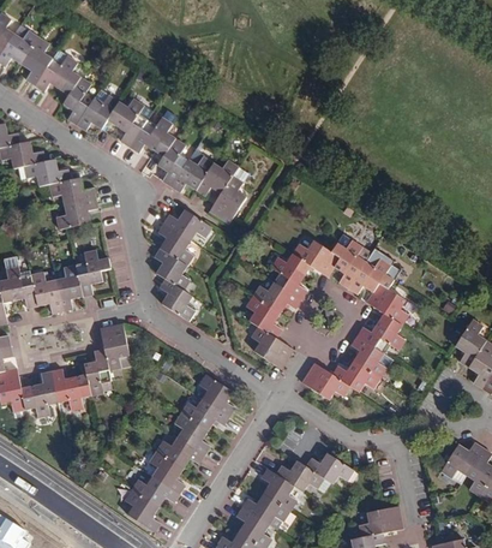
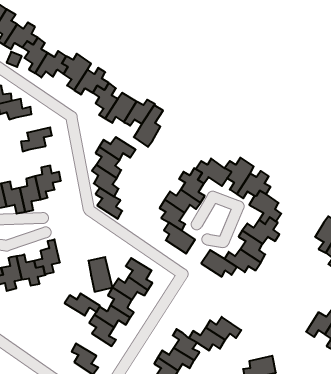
building: [49,175,96,203] -> none
building: [98,322,131,369] -> [88,257,112,292]
building: [131,475,179,505] -> [65,293,100,316]

